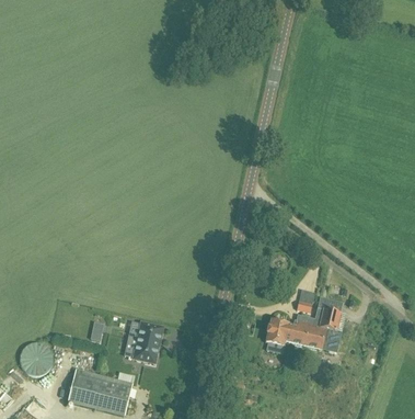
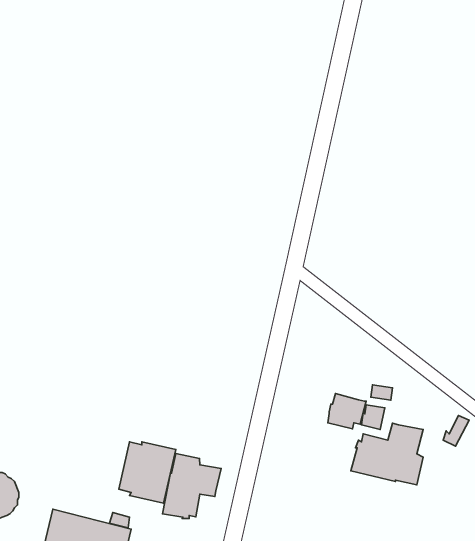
building: [265,320,292,346] -> [328,394,366,429]
building: none -> [163,454,221,519]

